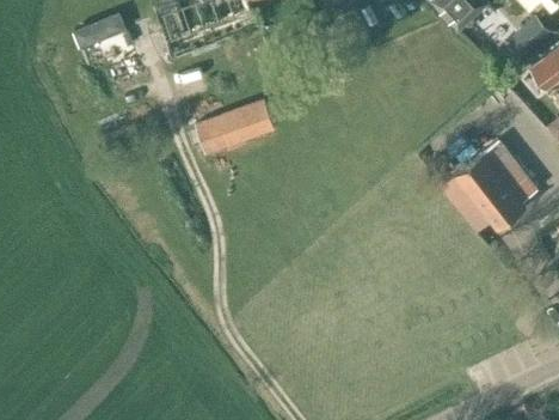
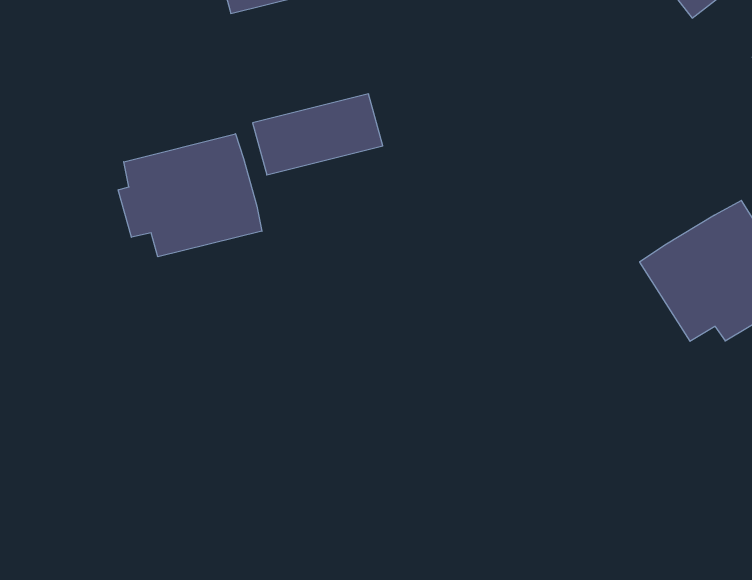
building: none -> [118,134,262,257]

